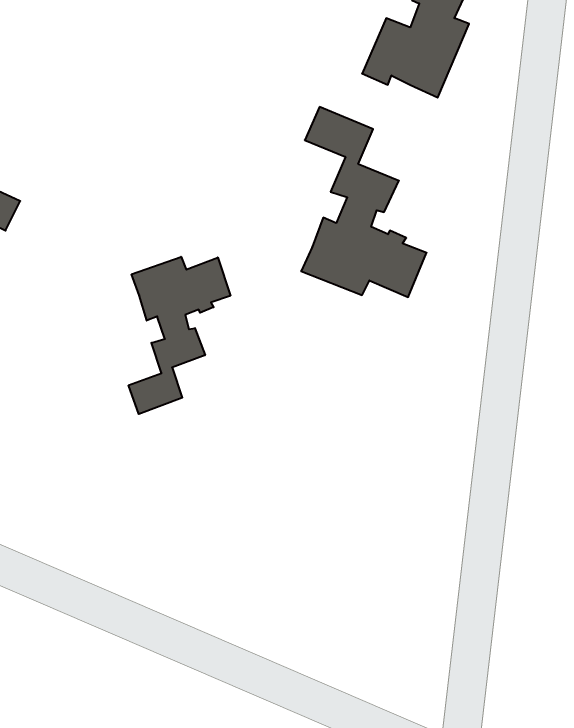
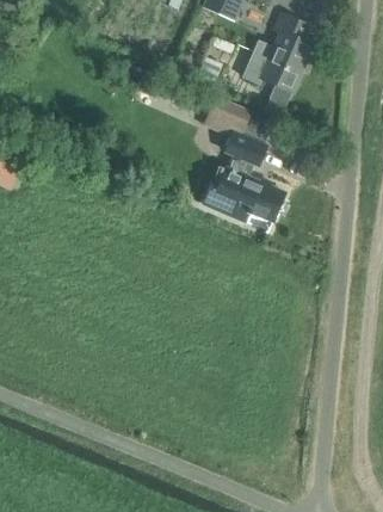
building: [129,257,230,414] -> none

